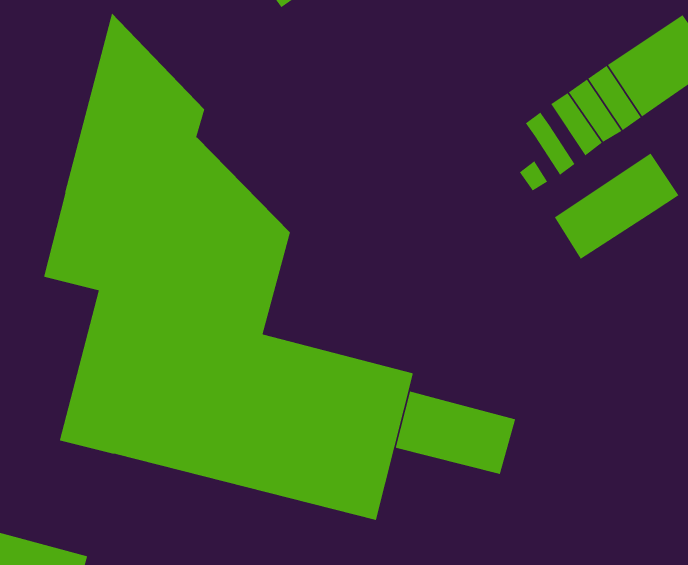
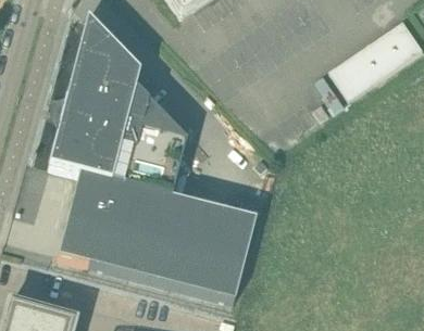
building: [554,153,680,260] -> none
building: [395,390,516,475] -> none

